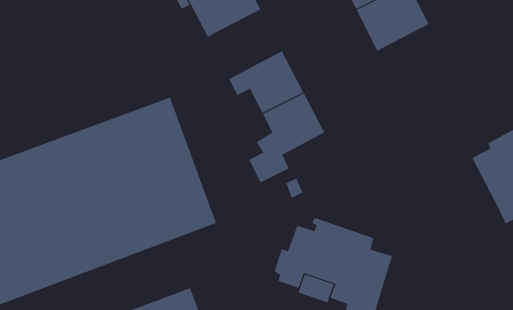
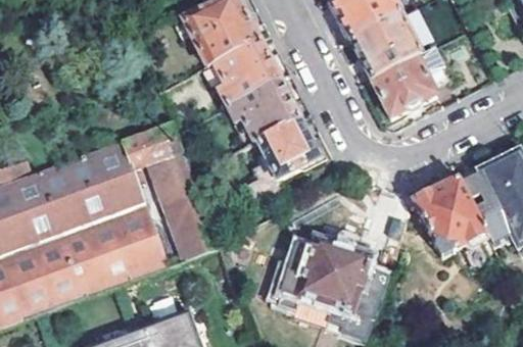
building: none -> [212,38,278,105]
building: none -> [370,47,447,117]
building: none -> [414,176,487,254]

